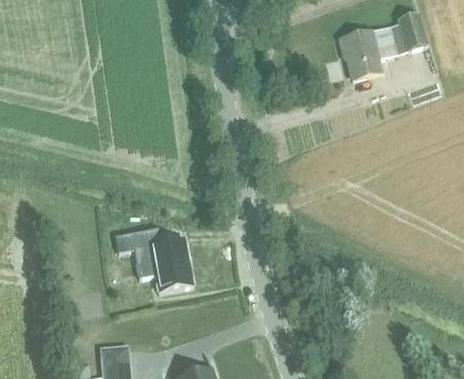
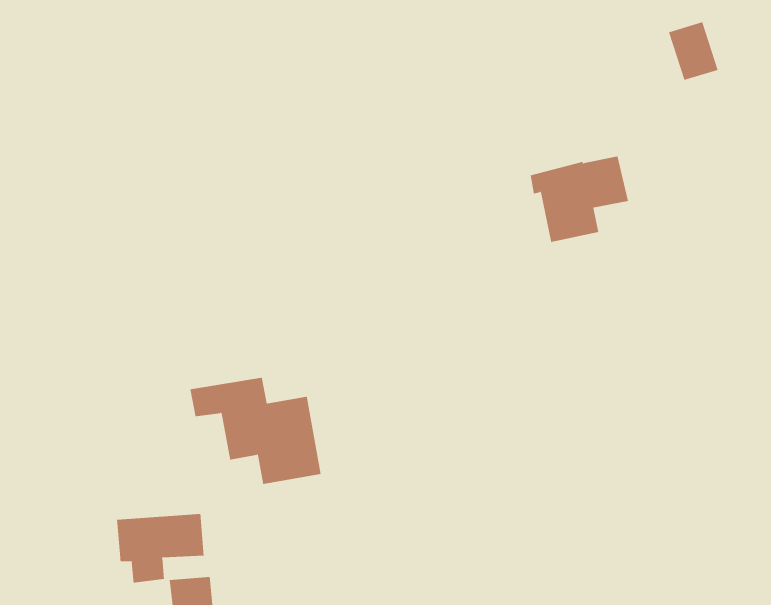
building: [338,27,397,78] -> [530,156,629,243]
building: none -> [116,513,204,583]

